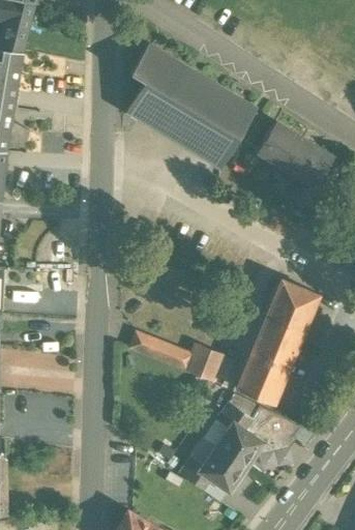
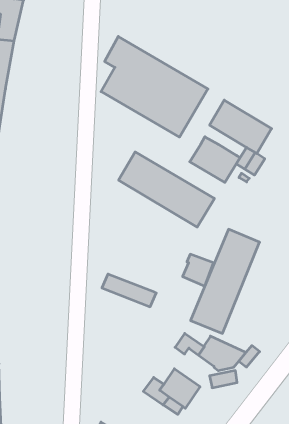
building: none -> [190,137,240,182]
building: none -> [119,152,214,227]
building: [186,344,224,382] -> [183,254,214,286]
building: [215,420,263,467] -> none

